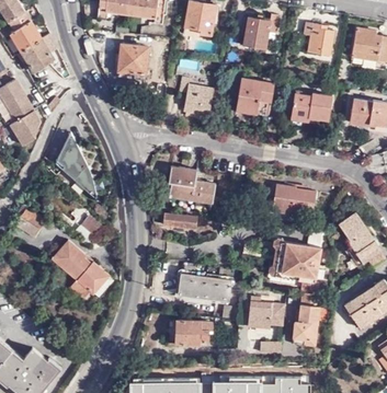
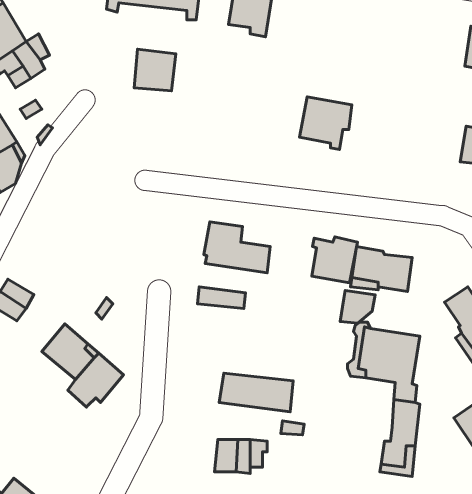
building: [242,15,277,49] -> none
building: [304,23,333,56] -> none
building: [177,77,212,117] -> none
building: [289,94,331,122] -> none
building: [56,137,93,194] -> none
building: none -> [312,237,357,283]
building: none -> [340,290,375,323]
building: [248,297,286,328] -> none

